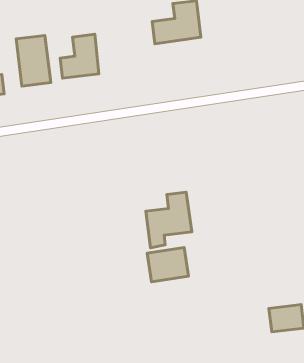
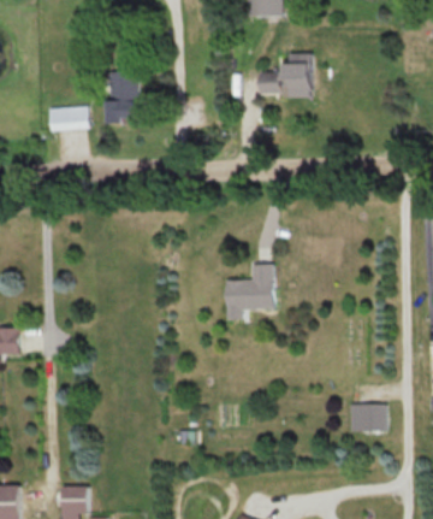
building: [60,34,99,78] -> none
building: [147,248,189,282] -> none

